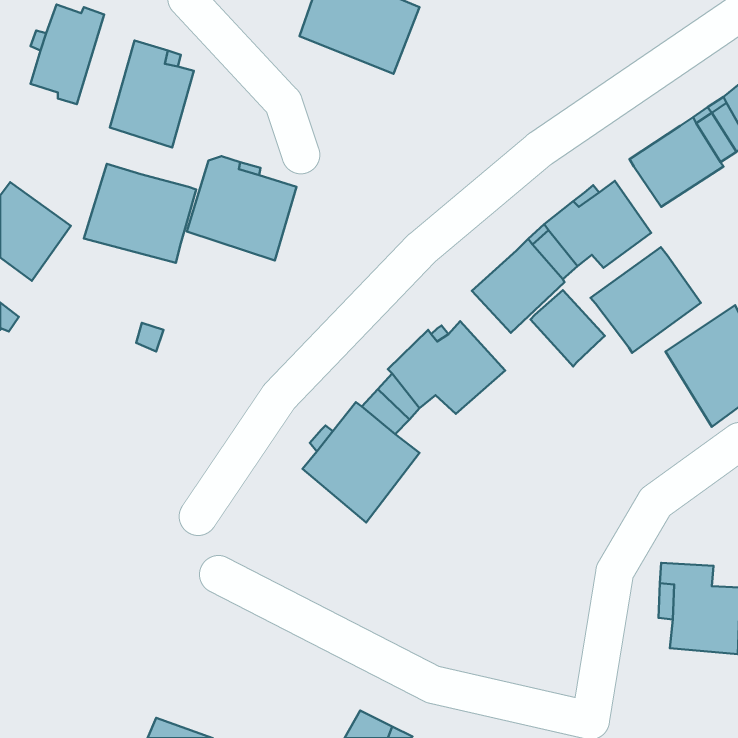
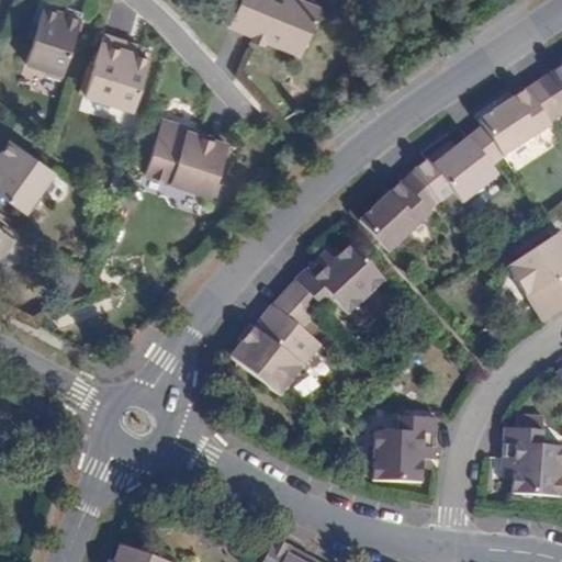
building: [84,164,196,263] -> none
building: [590,247,701,353] -> none
building: [530,290,605,366] -> none
building: none -> [371,416,437,483]

